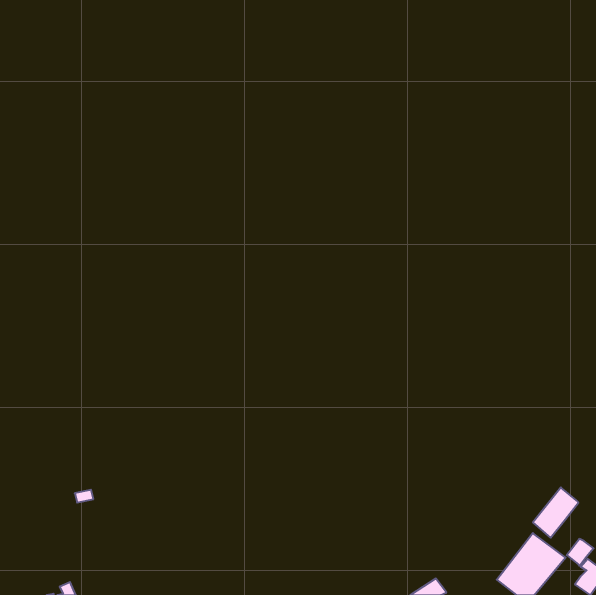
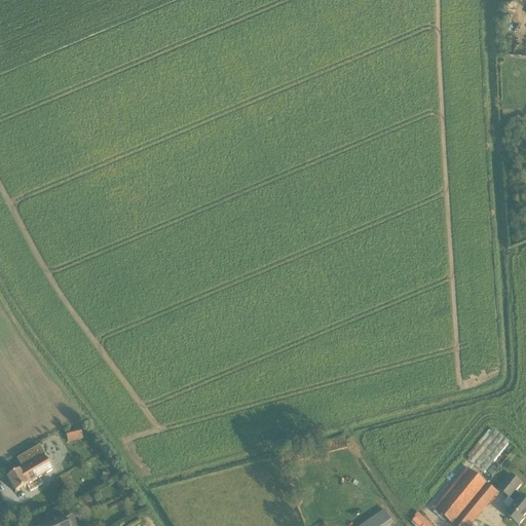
building: none -> [7,445,52,491]

